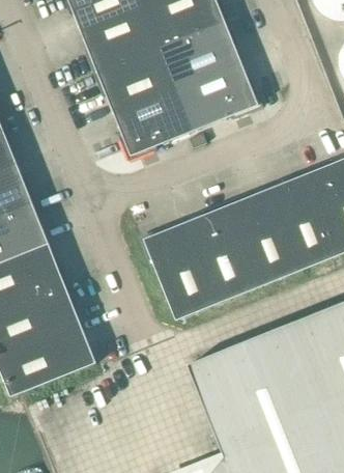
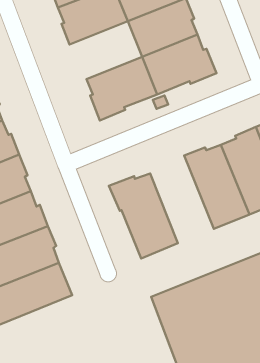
building: [92,46,176,113] -> none
building: [185,201,259,303] -> none

